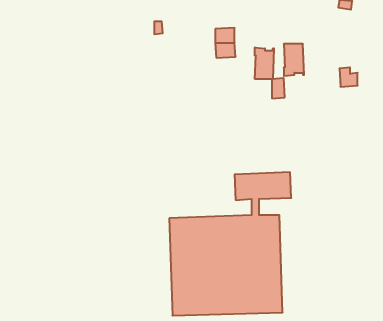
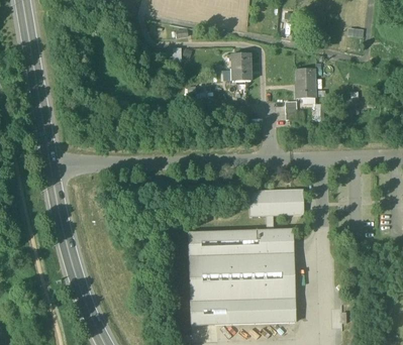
building: [255,47,274,79] -> none

